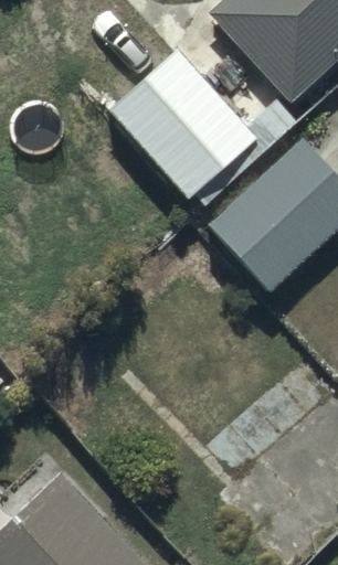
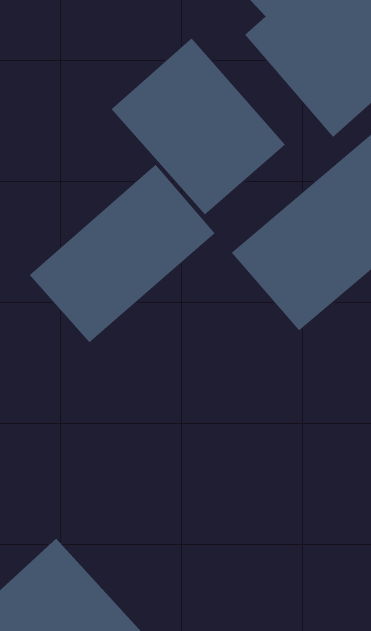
building: none -> [29,164,215,343]

